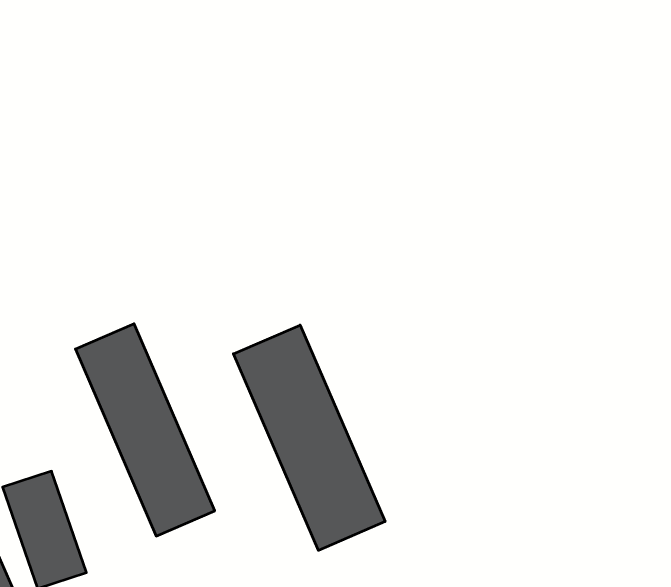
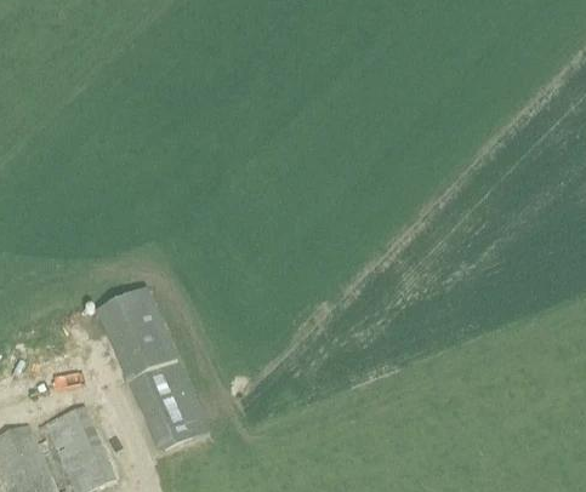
building: [233,325,385,550] -> none

